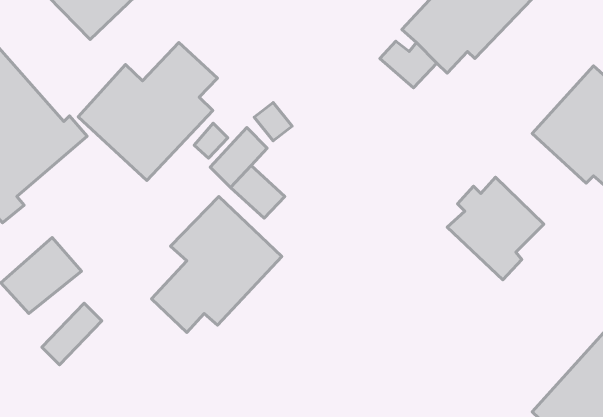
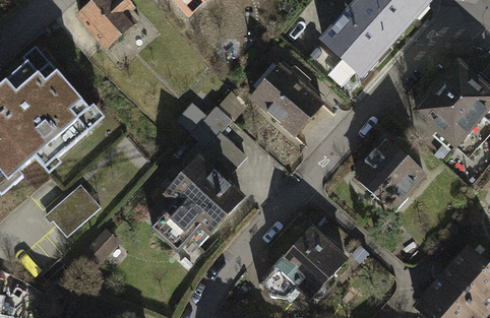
building: [78,43,218,180] -> none
building: none -> [250,64,321,134]
building: none -> [257,229,346,299]

